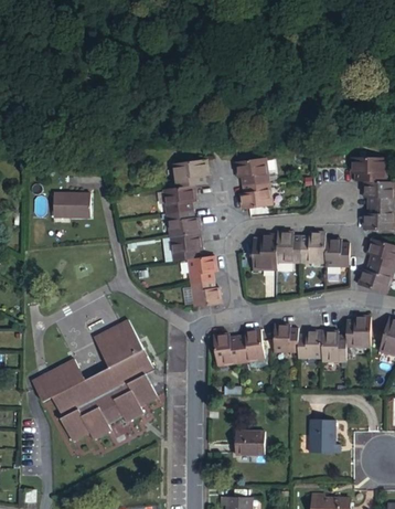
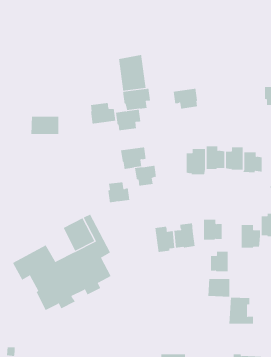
building: none -> [119,54,146,92]
building: [239,182,273,210] -> none
building: [167,210,200,237] -> [90,102,116,124]
building: [191,280,220,307] -> [107,182,130,203]
building: [298,331,321,358] -> [210,251,228,272]
building: [235,430,264,453] -> [208,279,230,297]

